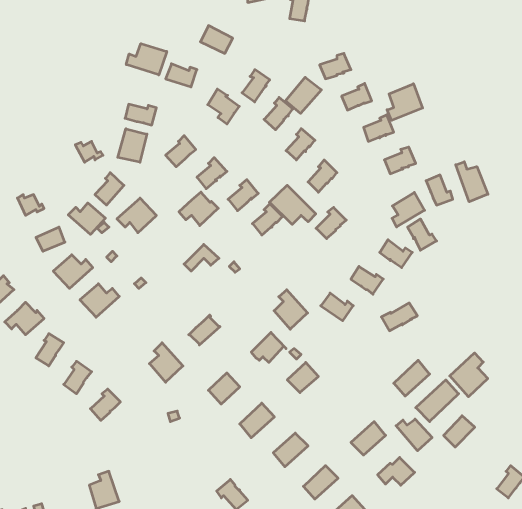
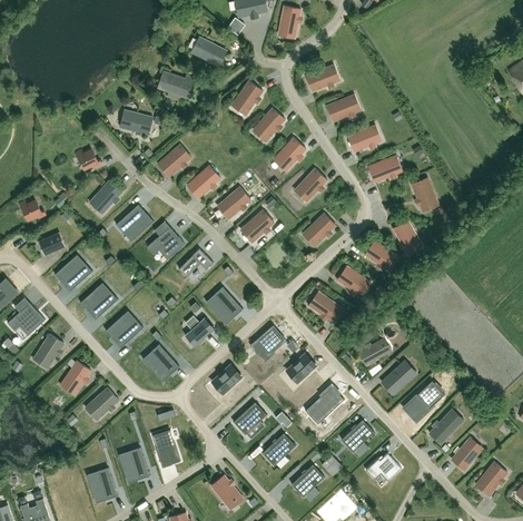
building: [126,44,167,75] -> none
building: [286,77,321,113] -> none
building: [387,84,423,120] -> none
building: [208,89,239,124] -> none
building: [118,129,147,162] -> none
building: [456,162,488,202] -> none
building: [269,185,316,224] -> none
building: [179,192,218,226] -> [146,227,184,259]
building: [392,192,425,227] -> none
building: [68,203,105,234] -> none
building: [274,290,308,329] -> [209,286,241,324]
building: [381,303,417,331] -> [356,337,391,364]
building: none -> [105,314,141,346]
building: [450,353,488,397] -> none
building: none -> [302,386,341,424]
building: [396,419,432,451] -> none
building: none -> [151,427,179,465]
building: none -> [450,439,477,470]
building: none -> [119,446,148,482]

